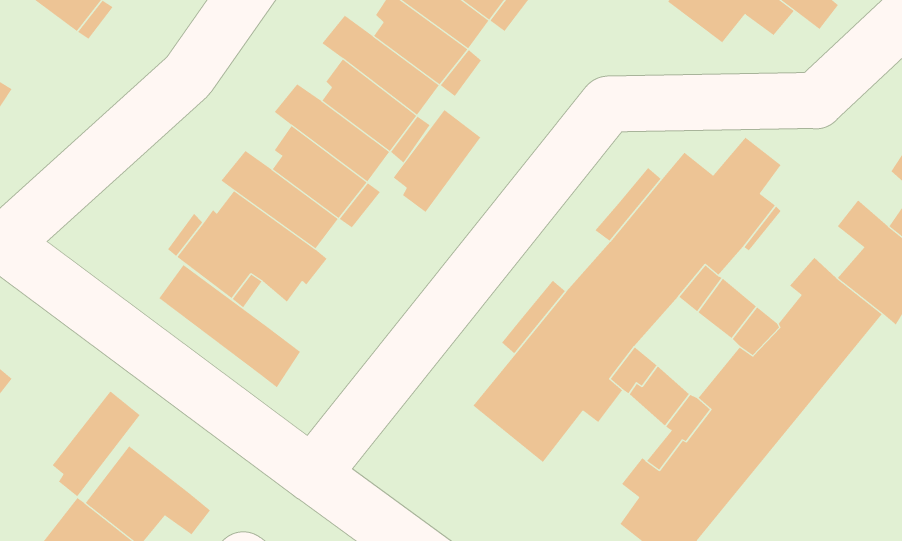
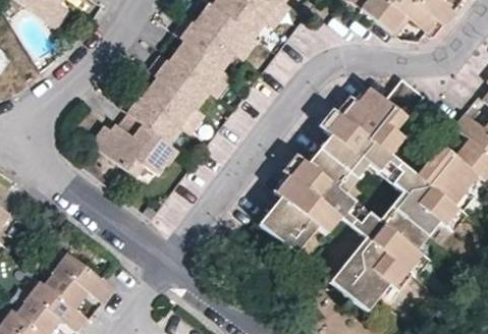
building: [393,109,481,213] -> none
building: [159,264,301,388] -> none
building: [52,391,140,497] -> none

